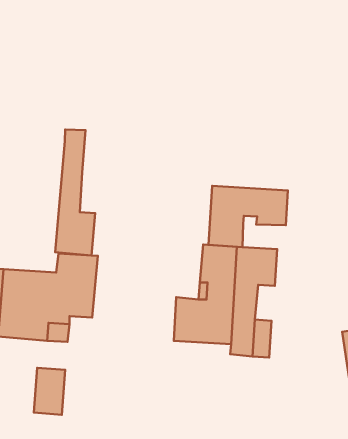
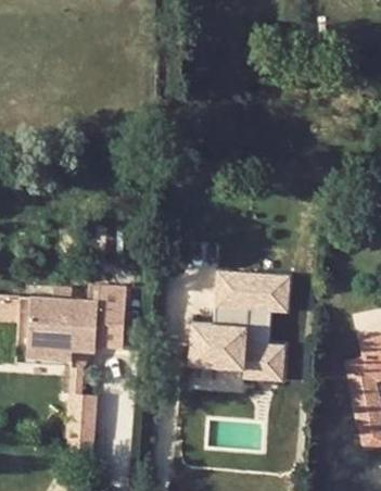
building: [55,130,95,255] -> none
building: [209,186,288,247] -> none

